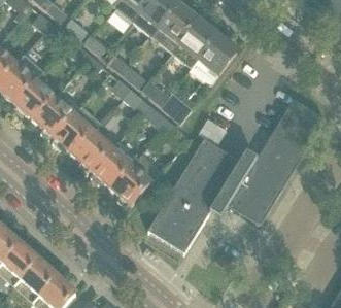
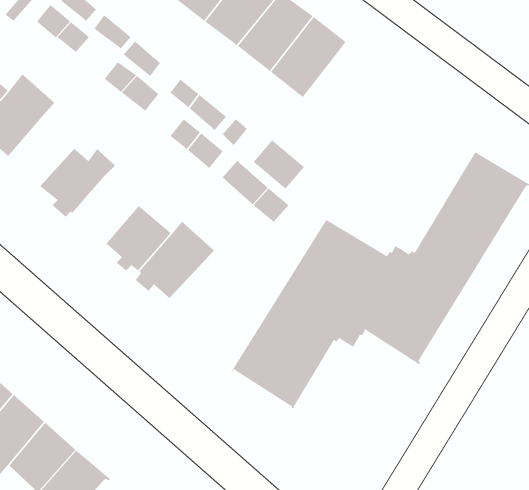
building: [187,35,236,88] -> none
building: [15,80,55,121] -> none
building: [53,114,93,155] -> none
building: [111,157,159,207] -> none

